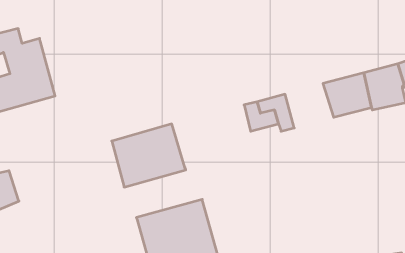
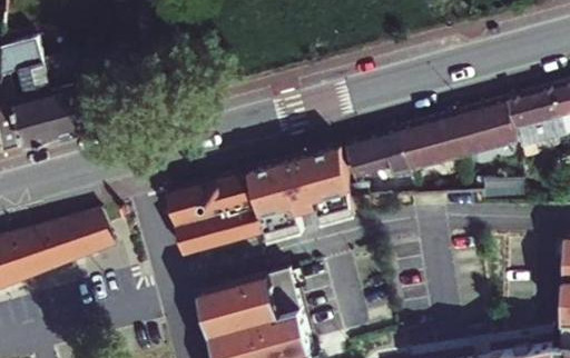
building: none -> [396,113,462,173]
building: none -> [243,143,346,227]
building: none -> [22,210,110,272]

